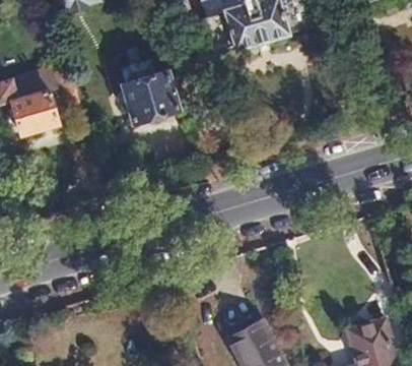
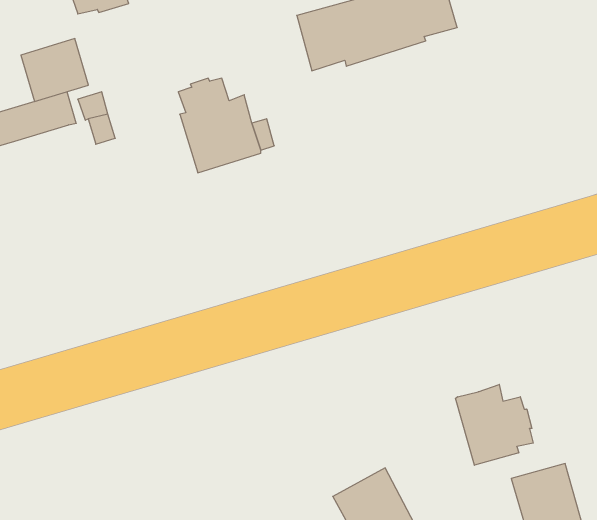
building: [11,89,57,132] -> [21,39,88,102]
building: none -> [456,384,533,465]

